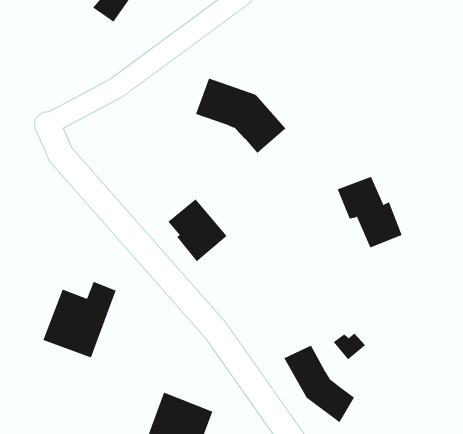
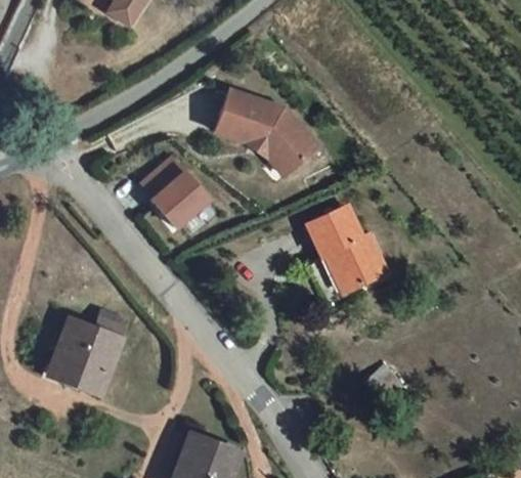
building: [337,176,402,248] -> [311,215,383,294]
building: [168,198,228,262] -> [141,156,207,225]
building: [284,345,355,423] -> none

